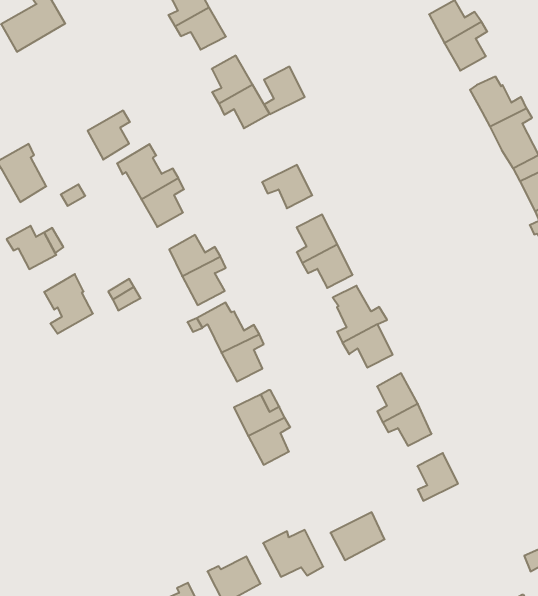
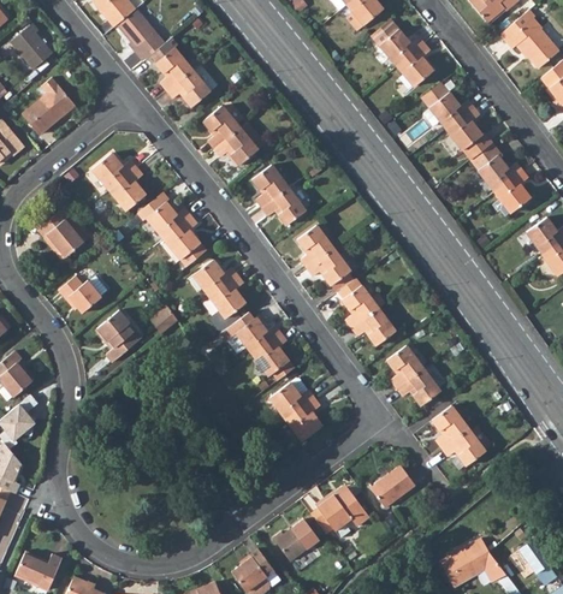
building: [264,67,305,114] -> [253,165,289,207]
building: none -> [94,153,137,189]
building: none -> [440,428,484,464]

